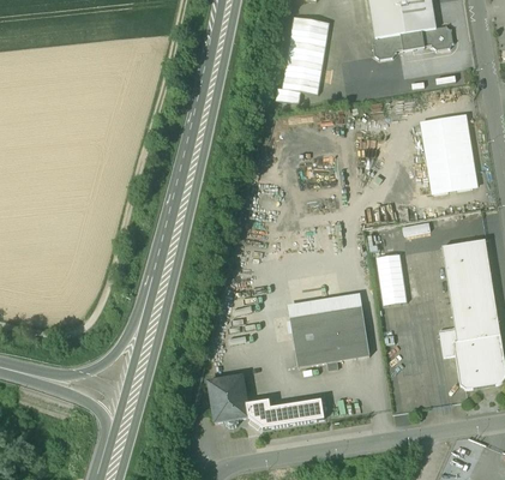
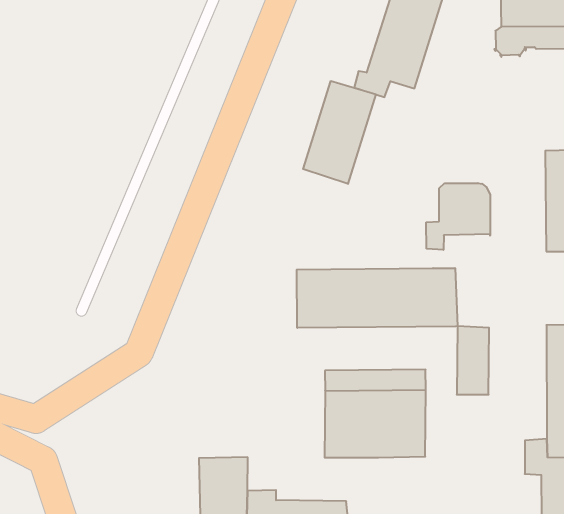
building: none -> [303,81,376,184]
building: none -> [426,183,490,250]
building: none -> [297,268,457,328]

